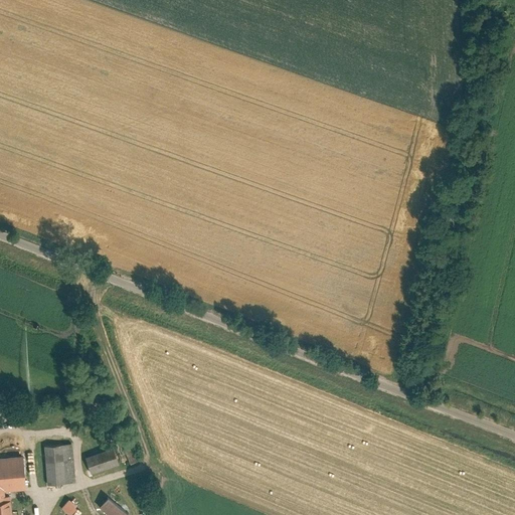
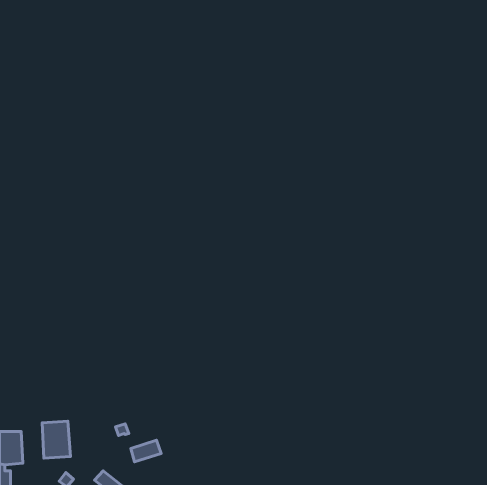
building: [85,451,118,474] -> [131,440,161,462]

